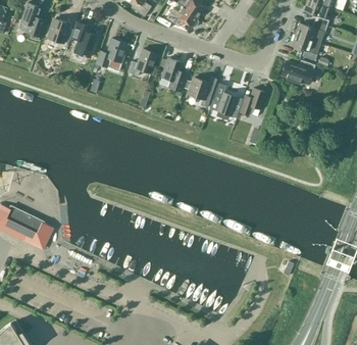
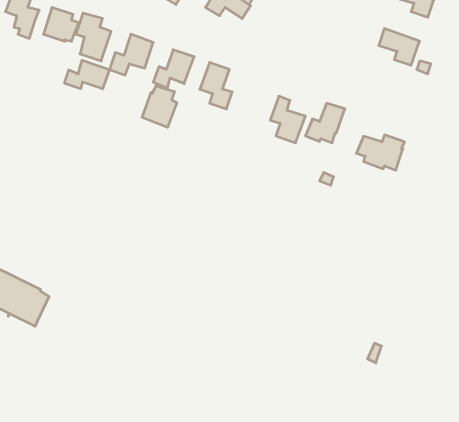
building: [296,21,327,43] -> none
building: none -> [65,60,110,89]
building: [282,60,316,86] -> [356,135,404,170]
building: none -> [142,86,177,127]
building: [186,77,217,107] -> none

